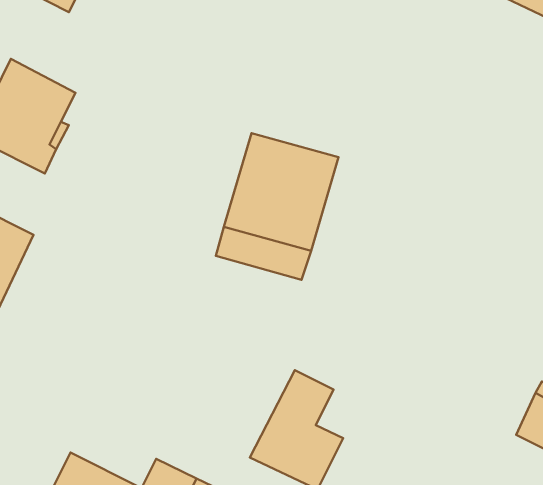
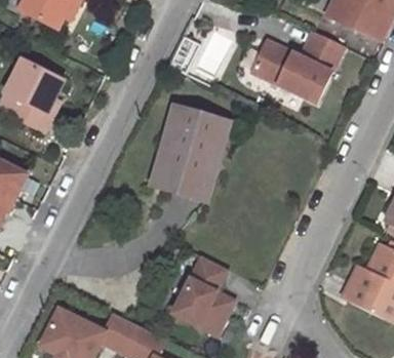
building: none -> [252,33,345,105]

